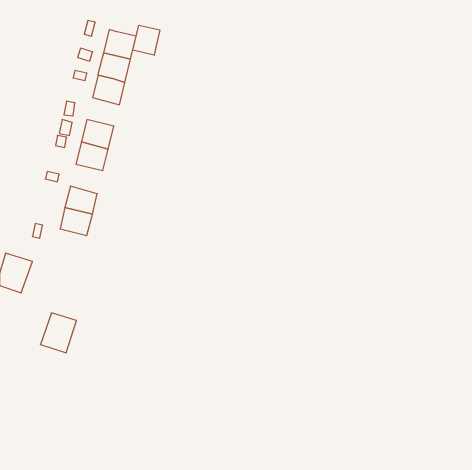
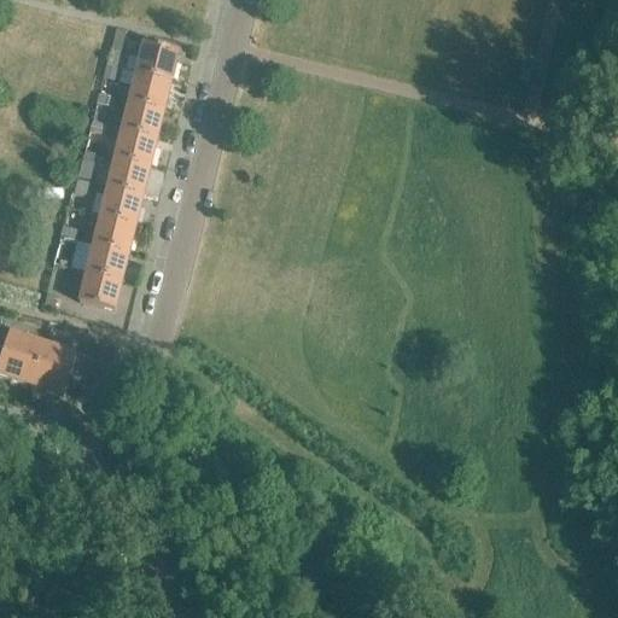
building: [133,25,160,55] -> none
building: none -> [113,127,156,164]
building: none -> [92,214,134,252]
building: [40,313,76,353] -> [28,340,75,392]

